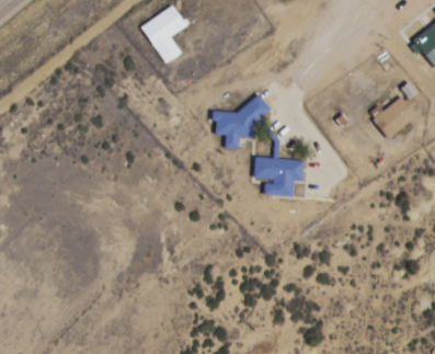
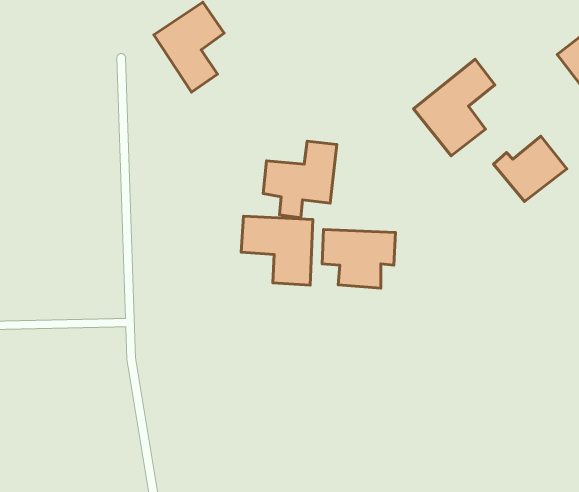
building: none -> [414,59,495,156]
building: none -> [241,216,313,285]

